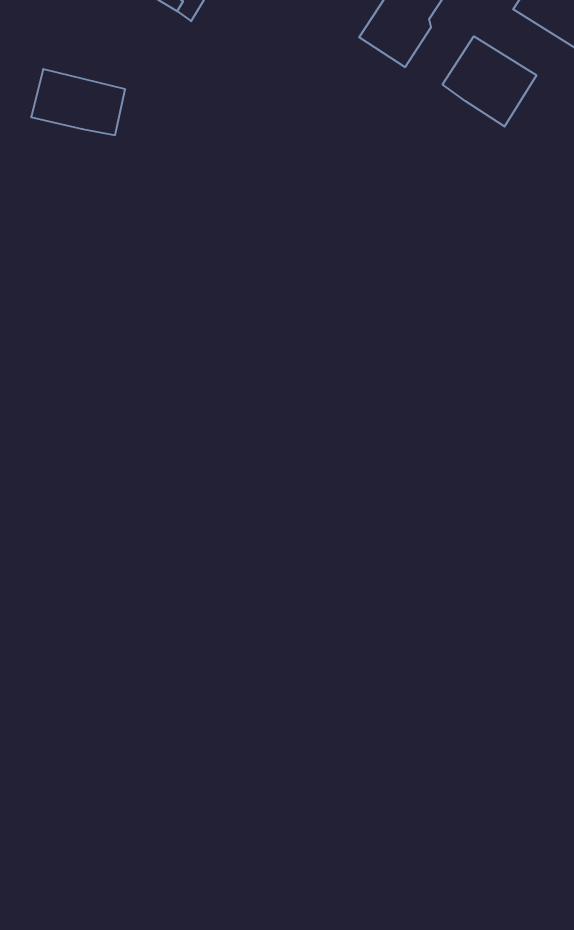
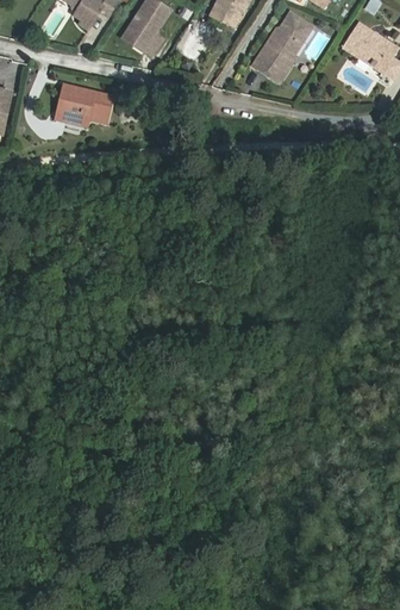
building: [443,36,536,127] -> none

